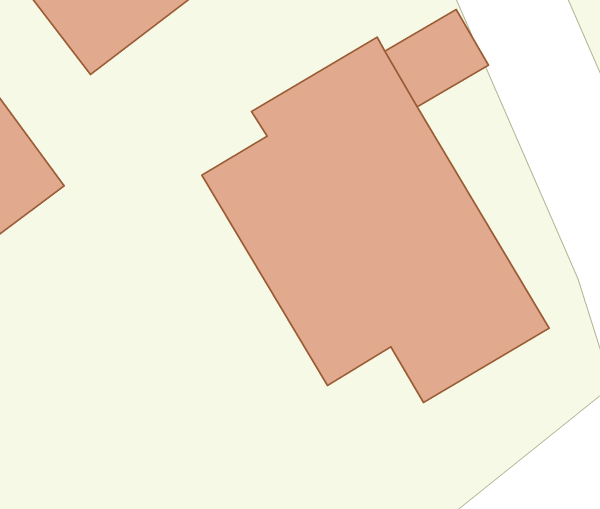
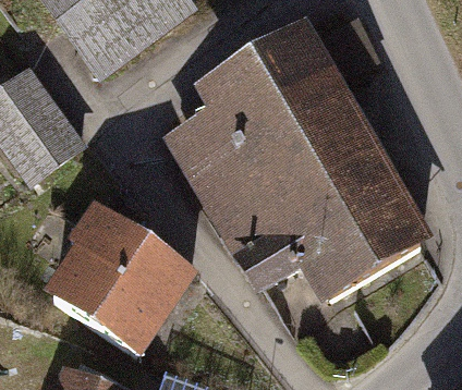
building: none -> [52,205,189,350]

